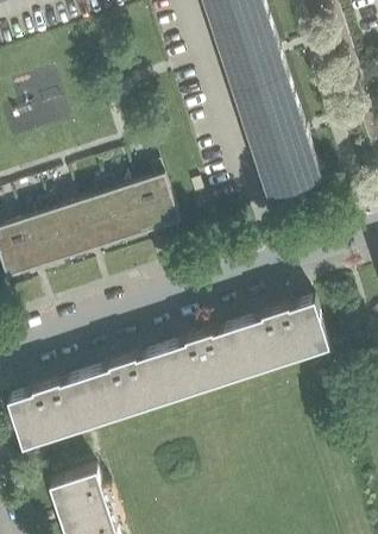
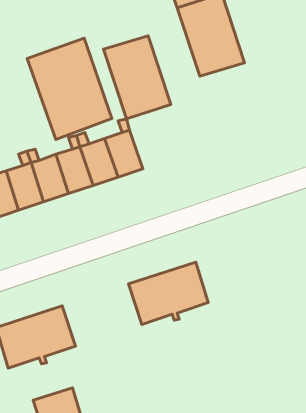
building: none -> [27,38,112,140]
building: [241,99,319,194] -> [104,36,171,119]
building: [237,302,327,373] -> none
building: [83,352,175,423] -> none

